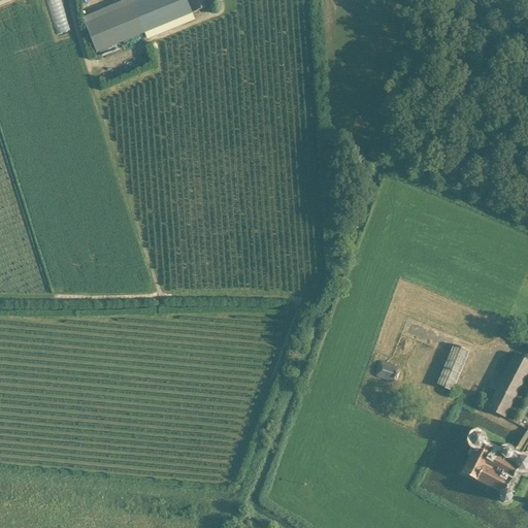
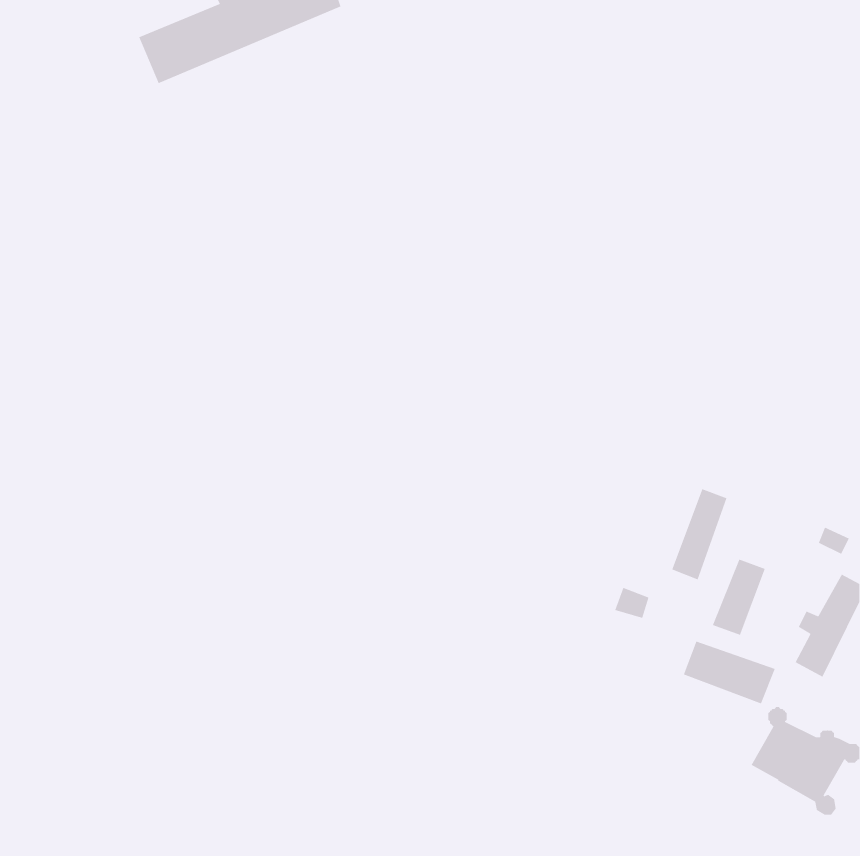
building: none -> [671,488,728,581]
building: none -> [683,641,776,704]

